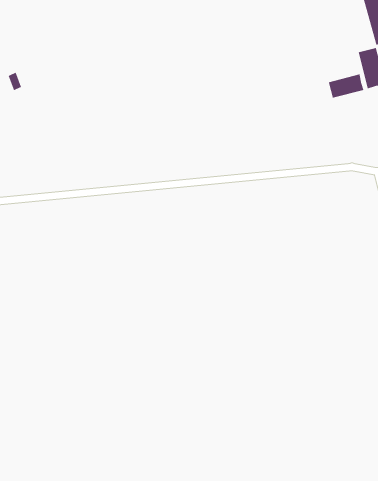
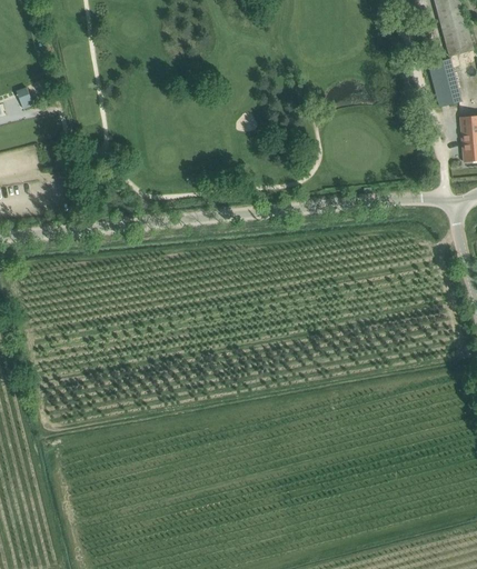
building: [328,74,364,99] -> none

